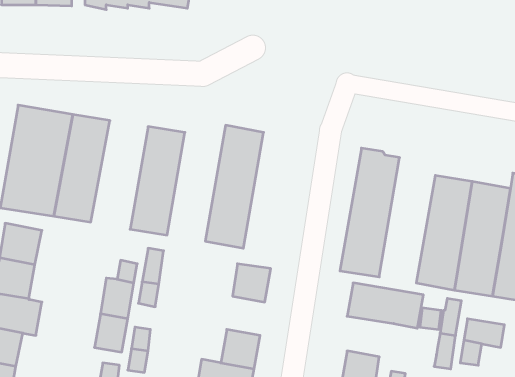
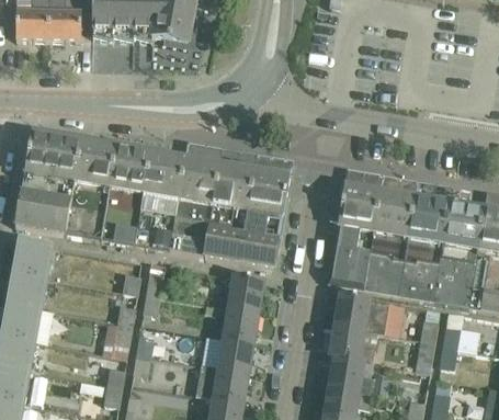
building: none -> [168,143,222,256]
building: none -> [98,145,150,245]
building: none -> [238,156,290,268]
building: none -> [363,179,417,294]
building: none -> [204,304,258,342]
building: none -> [329,325,376,363]

